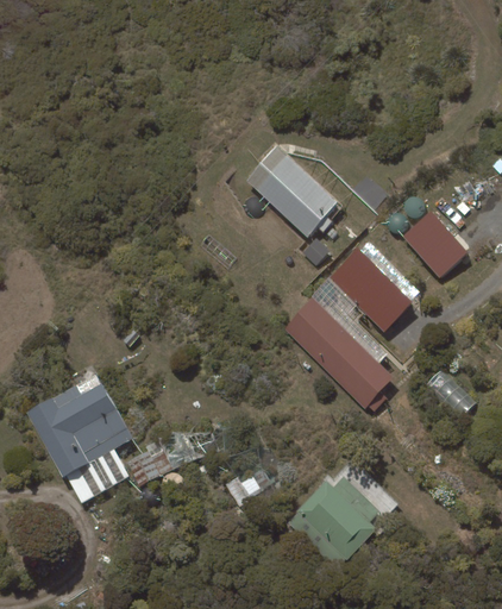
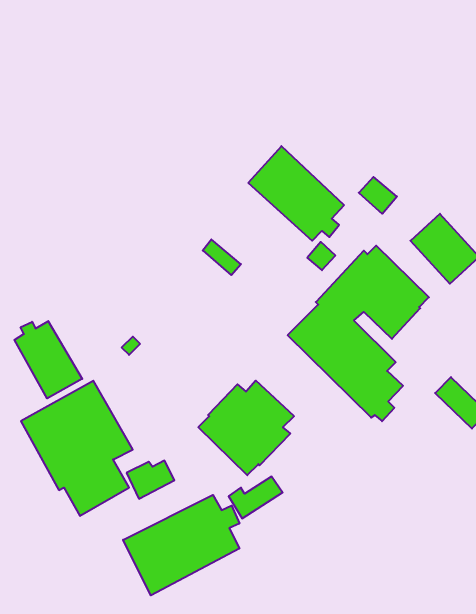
building: none -> [14,321,82,398]
building: [288,477,381,569] -> [198,381,294,475]
building: none -> [123,495,239,595]

